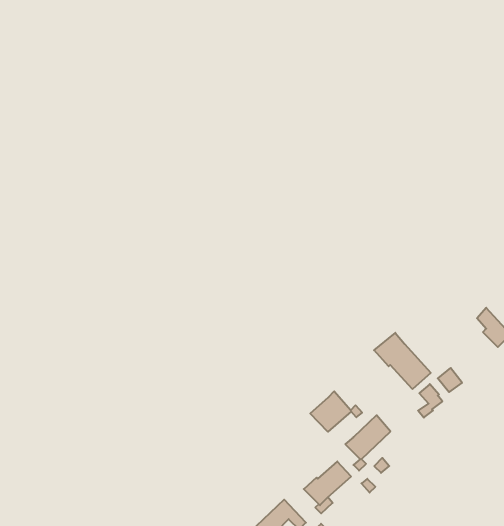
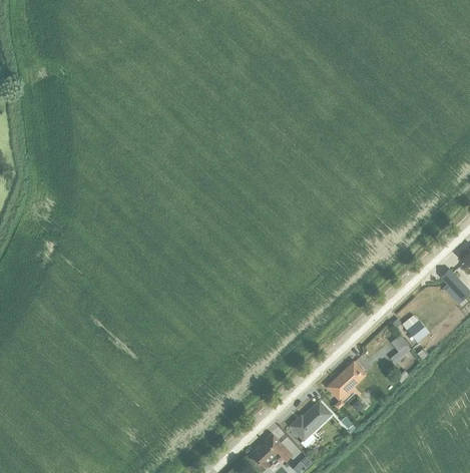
building: [374,333,431,389] -> none
building: [310,391,362,432] -> none

